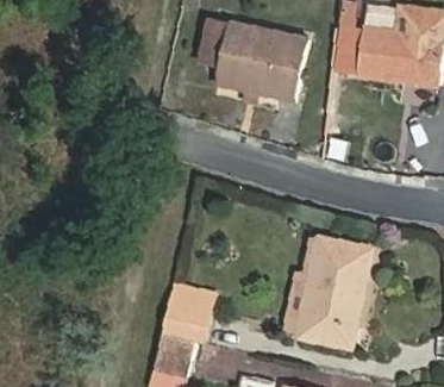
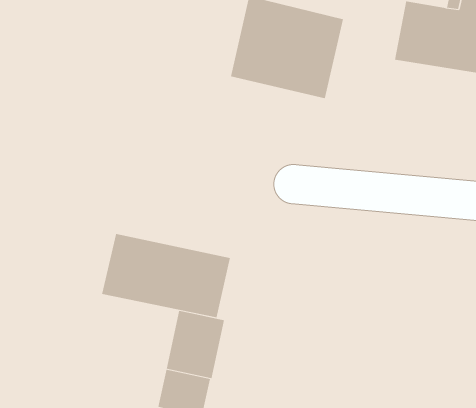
building: none -> [101,233,230,318]
building: [299,239,371,349] -> none

